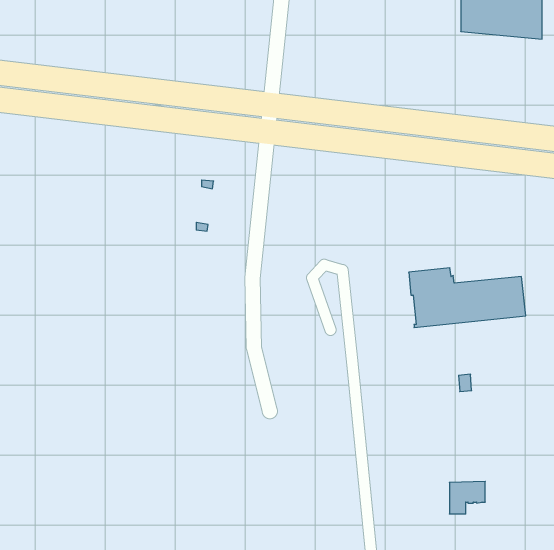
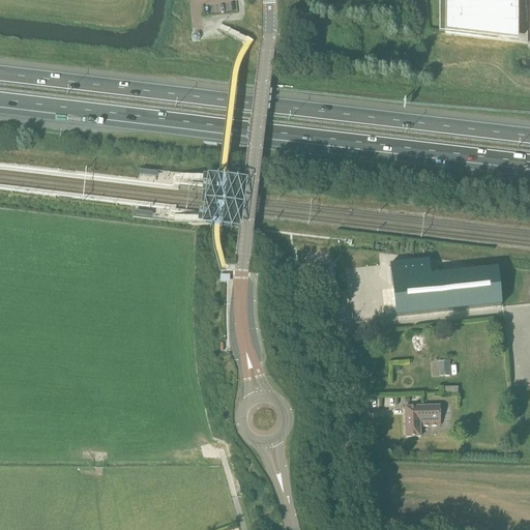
building: [449,481,485,514] -> [406,403,440,434]

